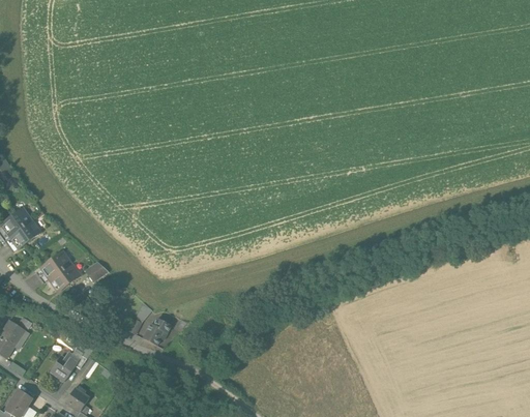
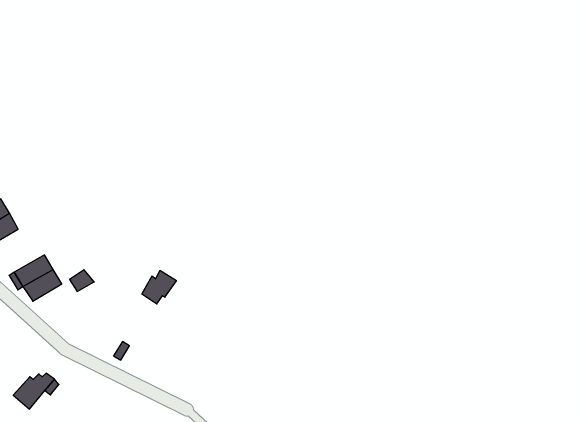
building: [143,318,171,346] -> [142,271,176,304]

